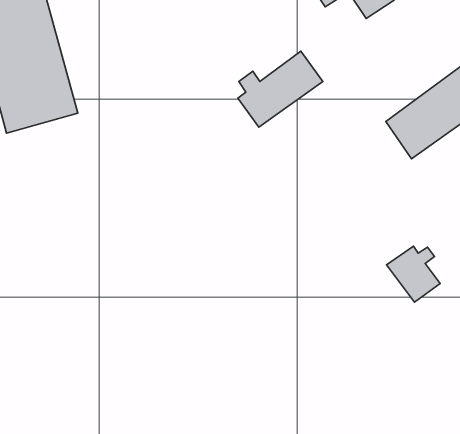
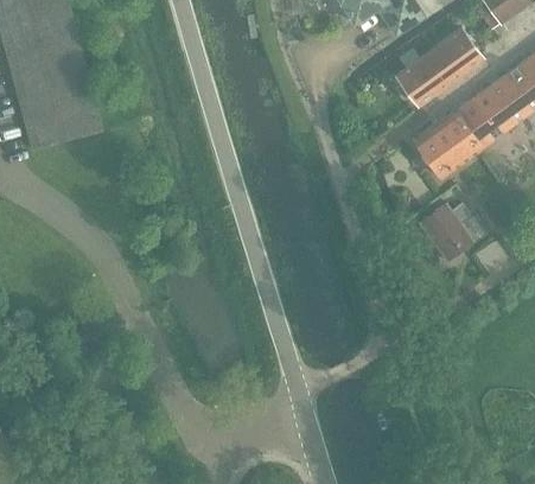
building: [238,51,323,127] -> [397,27,484,104]
building: [387,246,440,302] -> [420,203,475,260]

